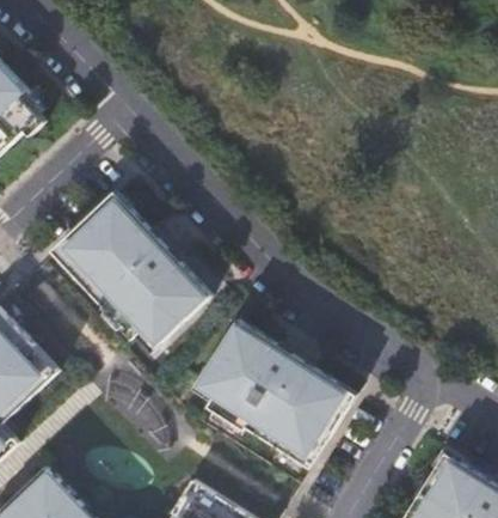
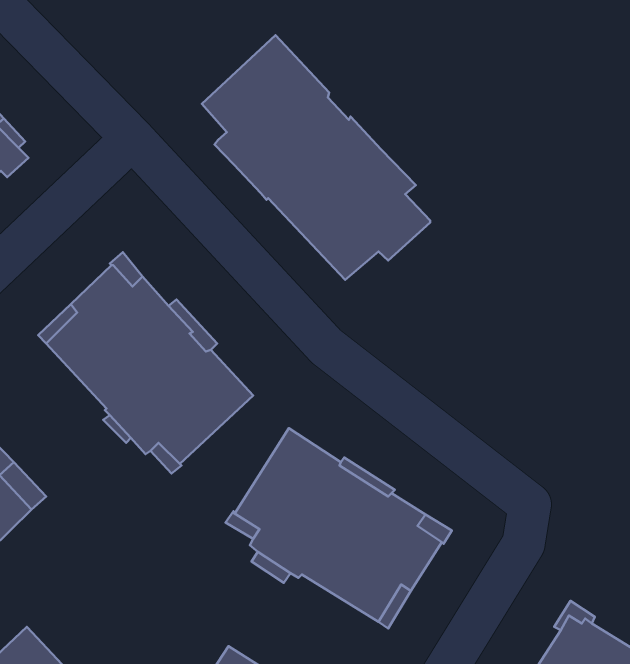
building: none -> [202,35,430,280]

